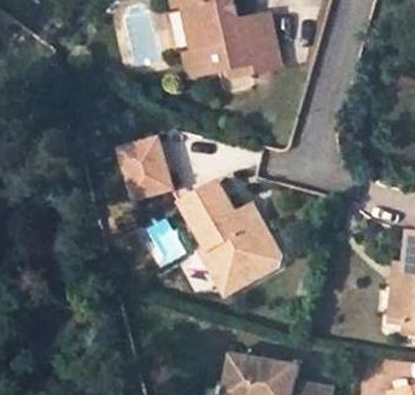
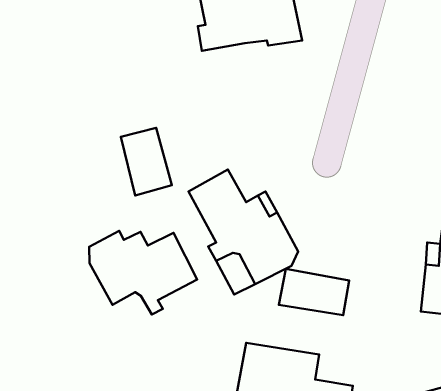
building: none -> [89,231,197,315]
building: none -> [279,269,349,315]

